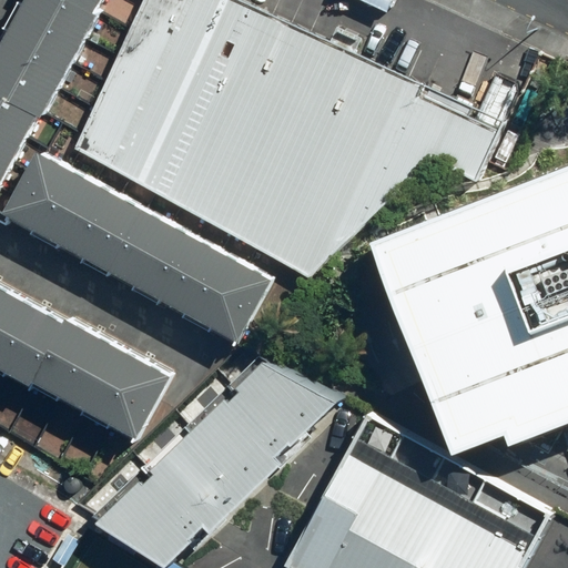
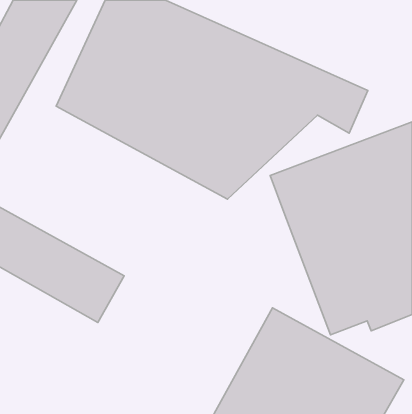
building: [4,149,258,333] -> none
building: [74,348,341,562] -> none

